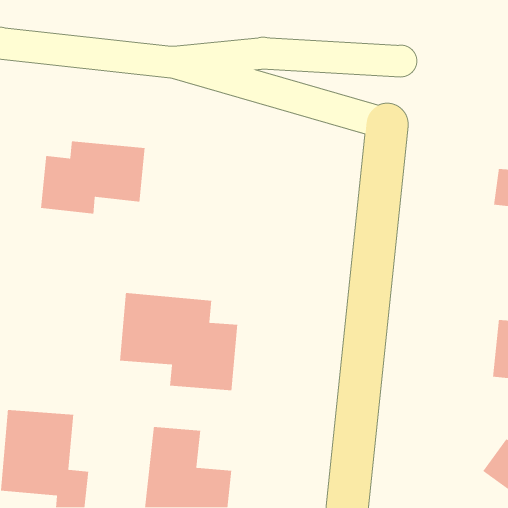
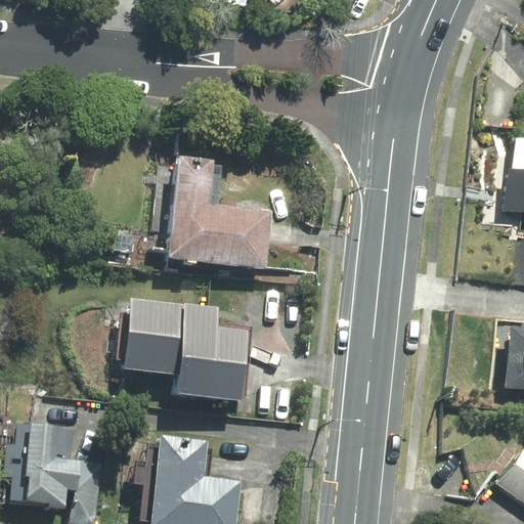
building: [40,140,146,214] -> none
building: none -> [168,157,273,270]

